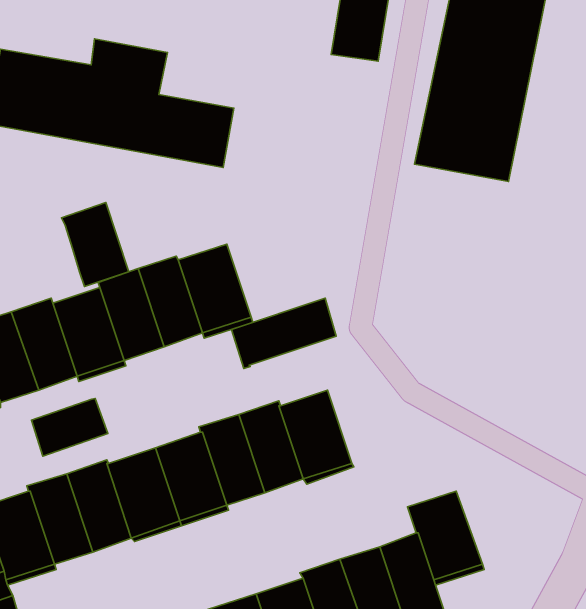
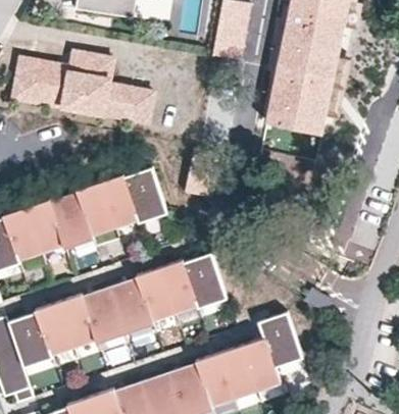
building: [62,202,129,286] -> none
building: [232,298,336,369] -> none
building: [31,399,108,456] -> none

